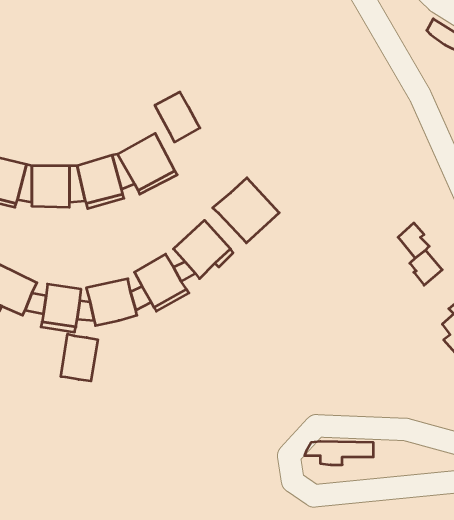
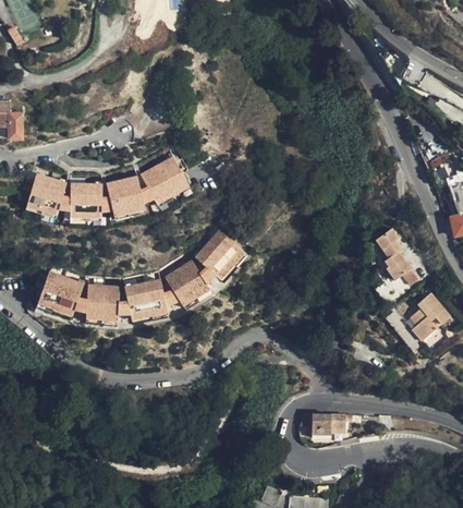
building: [155,92,200,142] -> none
building: [213,178,279,243] -> none
building: [61,334,98,381] -> none

